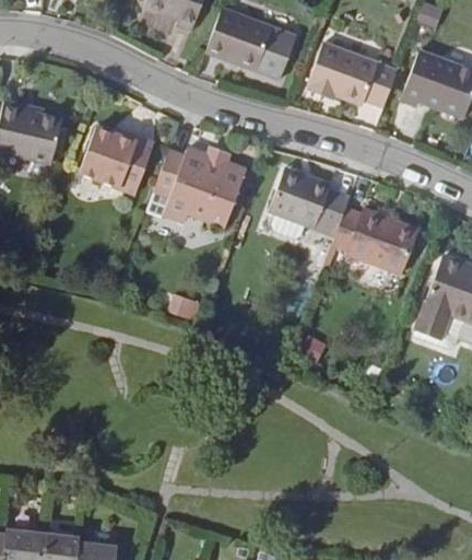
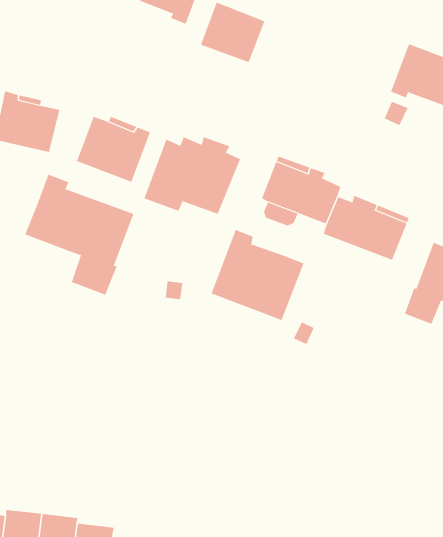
building: [256,28,296,80] -> none
building: [305,44,397,107] -> none
building: none -> [25,174,134,295]
building: none -> [211,229,304,321]

